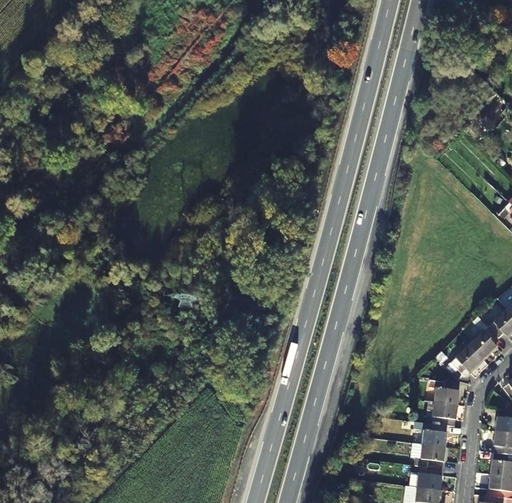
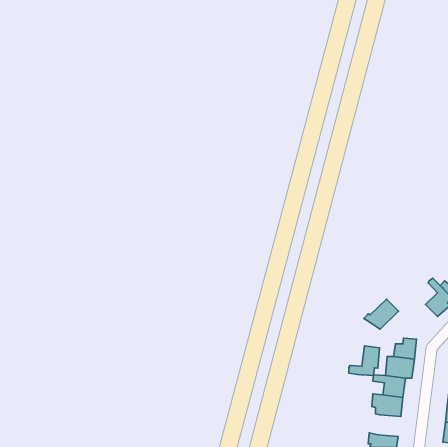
building: [445,345,483,378] -> [364,299,398,329]
building: none -> [349,346,379,376]
building: [418,466,443,490] -> none

